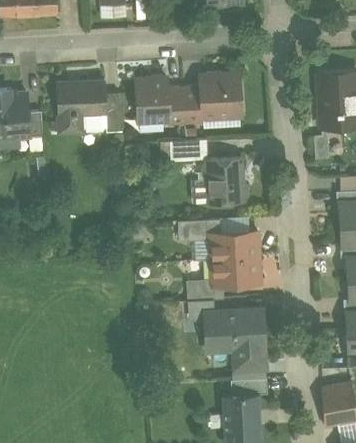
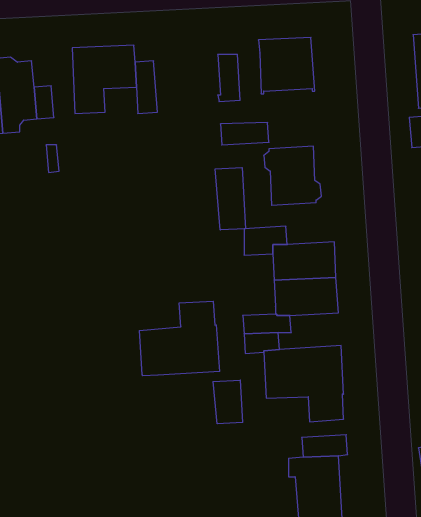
building: [135,78,170,120] -> none
building: [183,86,203,122] -> none
building: none -> [215,168,245,230]
building: none -> [139,301,220,376]
building: none -> [213,380,243,424]

